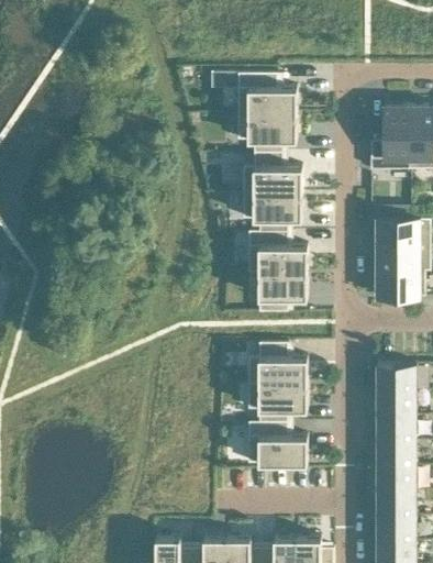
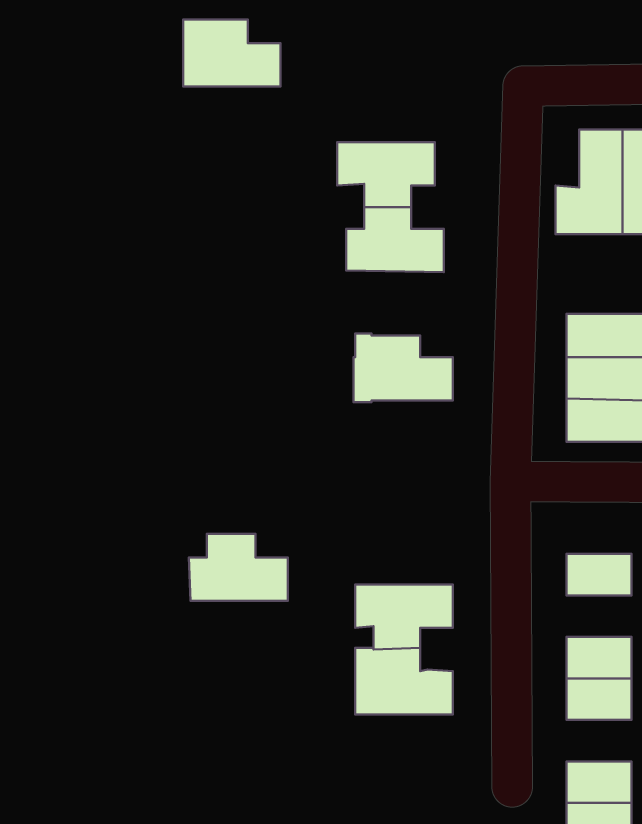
building: [236,74,296,114] -> [183,20,280,86]
building: [242,192,301,232] -> none
building: [257,272,307,312] -> none
building: [246,343,307,384] -> [189,534,288,601]
building: [376,390,415,416] -> none
building: [376,466,415,492] -> none

